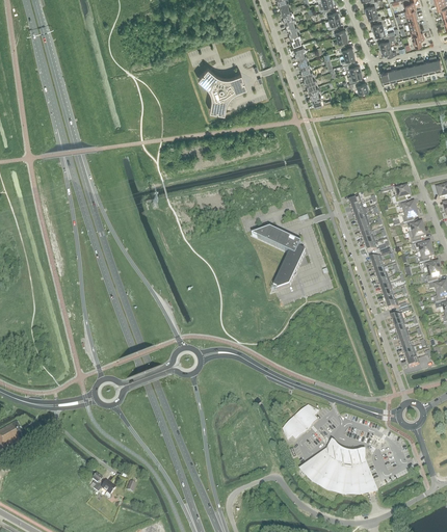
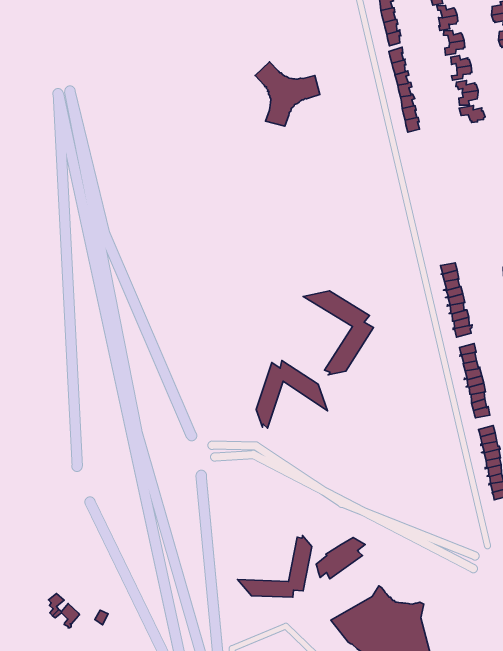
building: none -> [256,360,328,428]
building: none -> [237,536,312,597]

